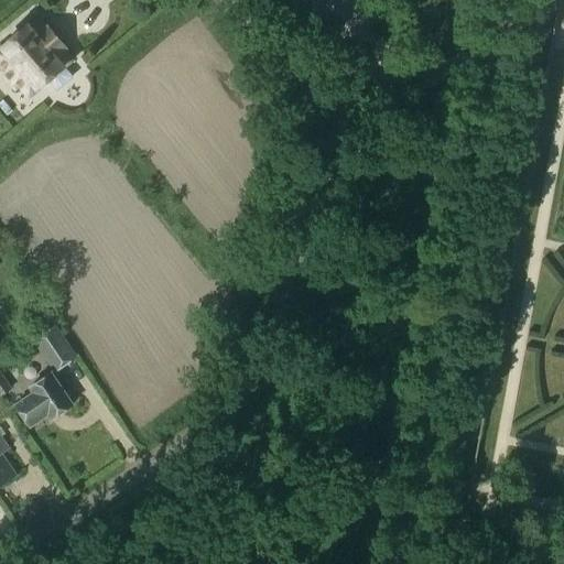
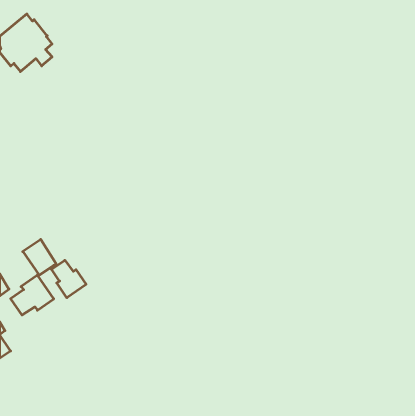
building: none -> [51,260,86,298]

